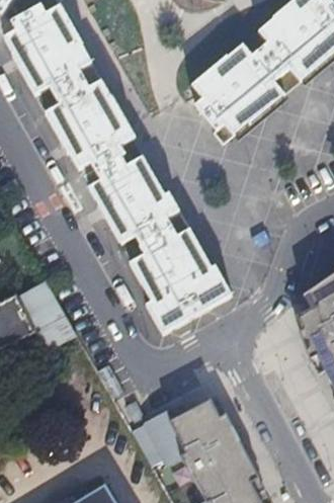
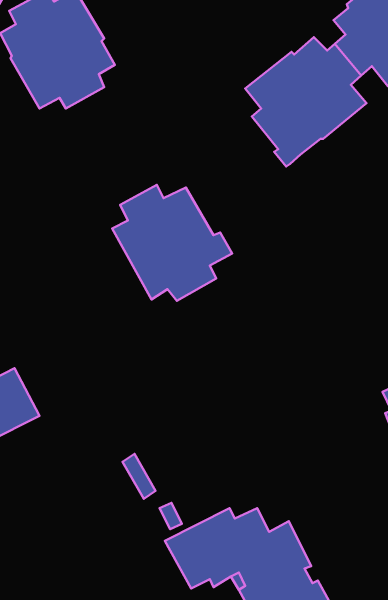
building: [45,81,138,171] -> none
building: [130,208,234,332] -> none
building: [15,280,76,349] -> none

